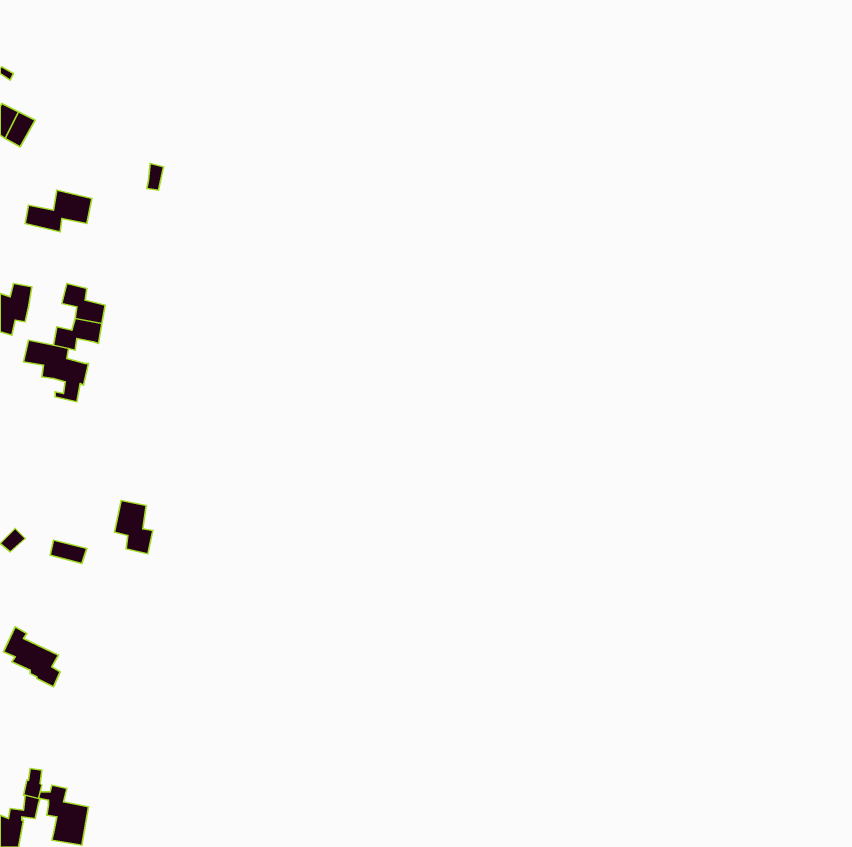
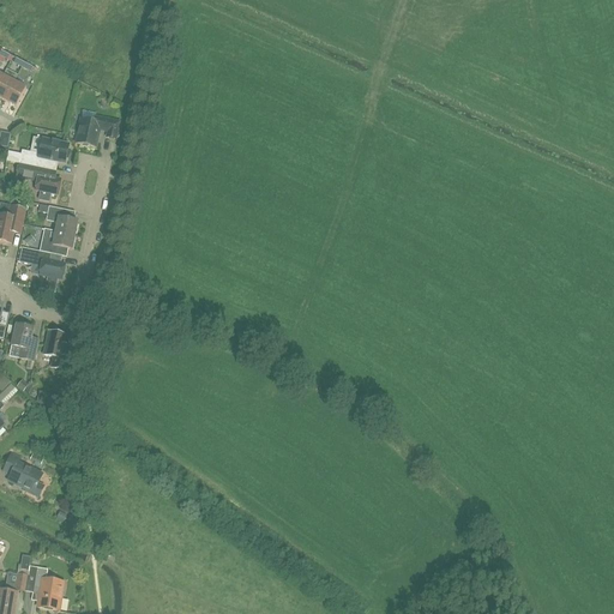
building: none -> [74,115,101,144]
building: none -> [16,161,59,199]
building: none -> [10,323,37,360]
building: [115,501,153,554] -> [42,330,70,368]

